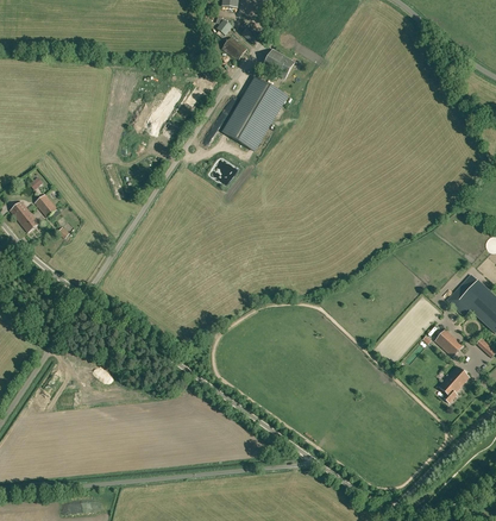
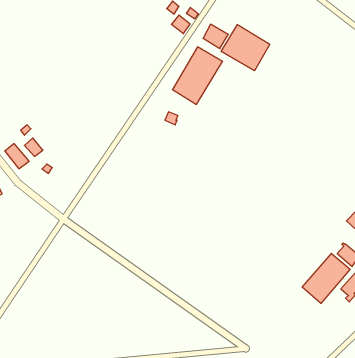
building: none -> [221,25,270,71]
building: none -> [302,253,350,303]

